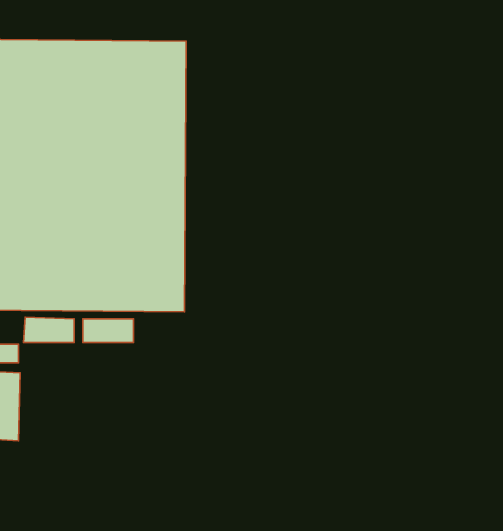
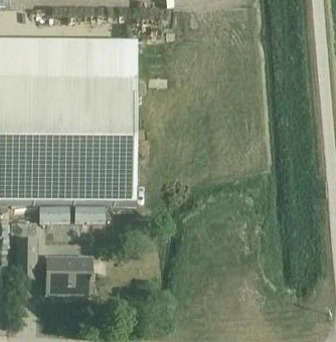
building: none -> [47,255,92,292]

